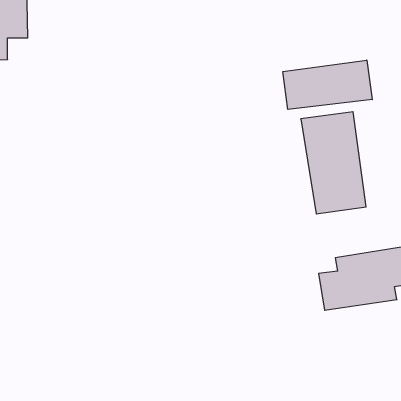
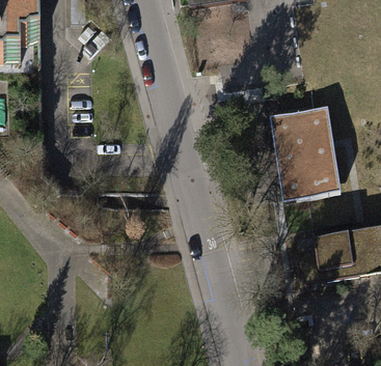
building: [283,60,372,109] -> none

